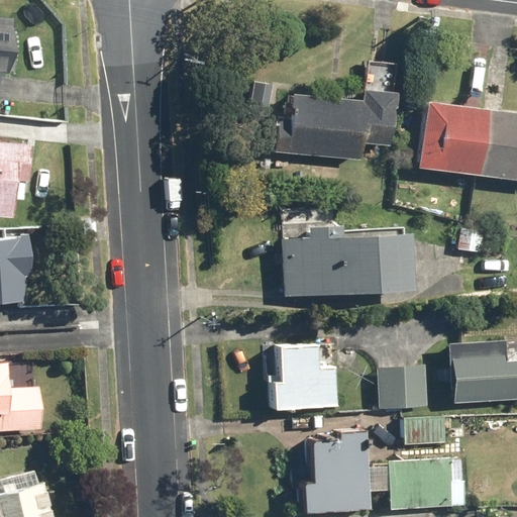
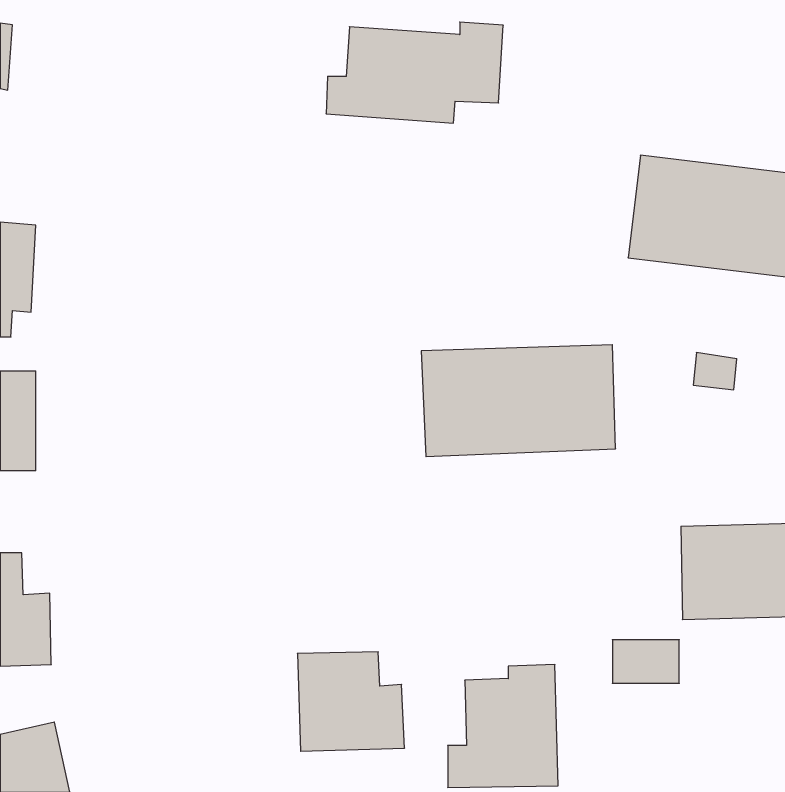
building: [276,92,391,158] -> [326,22,503,123]
building: [267,344,336,409] -> [297,652,405,751]
building: [379,365,429,407] -> none
building: [385,457,464,508] -> none

